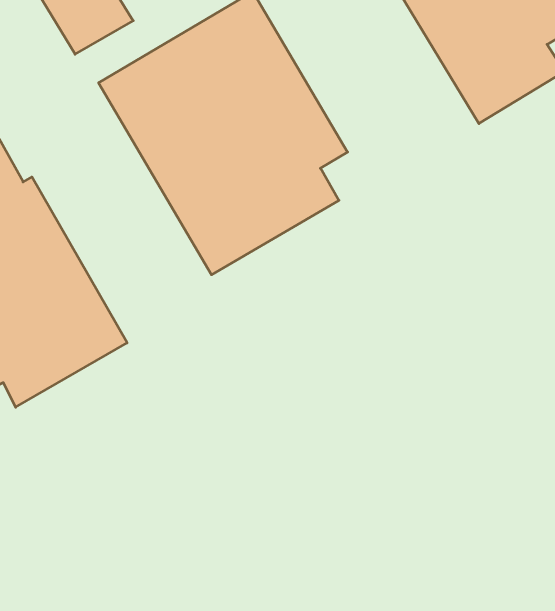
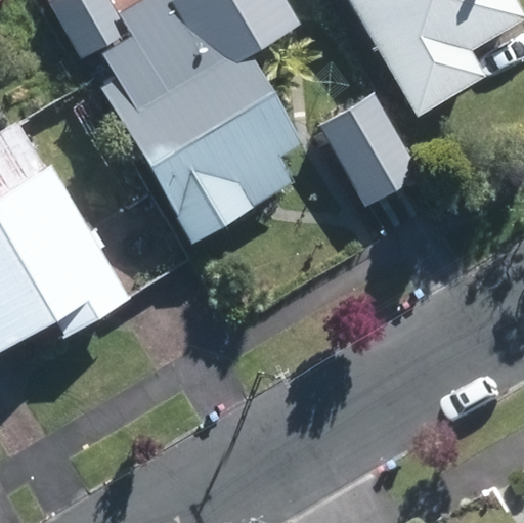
building: none -> [310,78,418,197]

